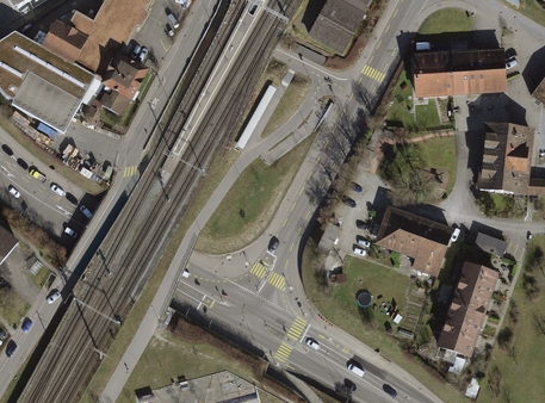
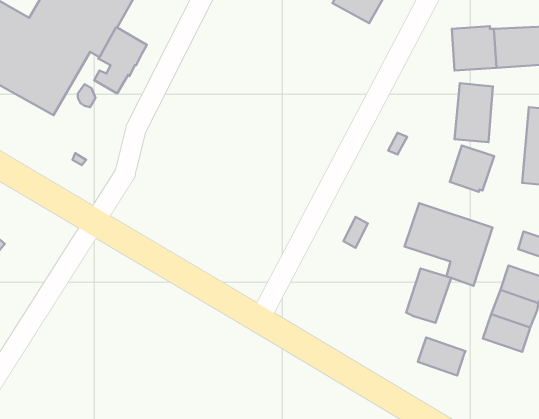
building: none -> [455,83,493,142]
building: none -> [450,146,494,192]
building: none -> [406,269,451,323]
building: [435,326,477,359] -> [418,338,465,376]

